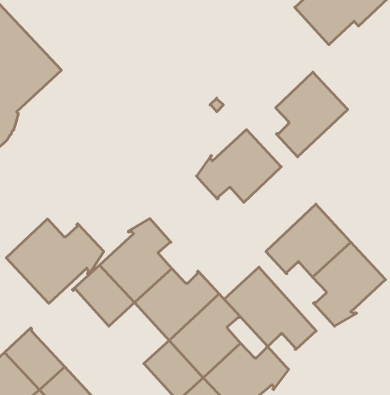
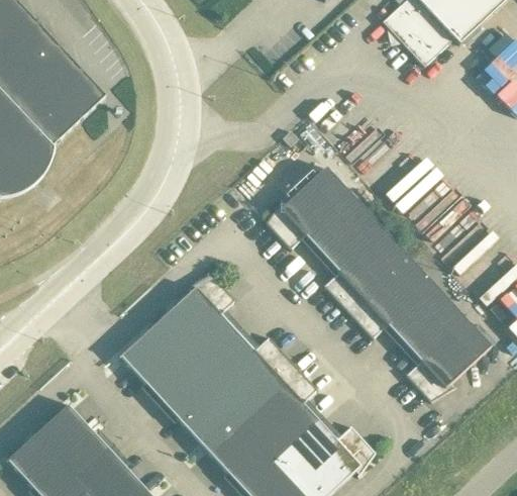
building: [276,72,348,157] -> [322,211,408,312]
building: [6,219,104,303] -> none
building: [224,267,316,349] -> none
building: none -> [162,373,233,445]

